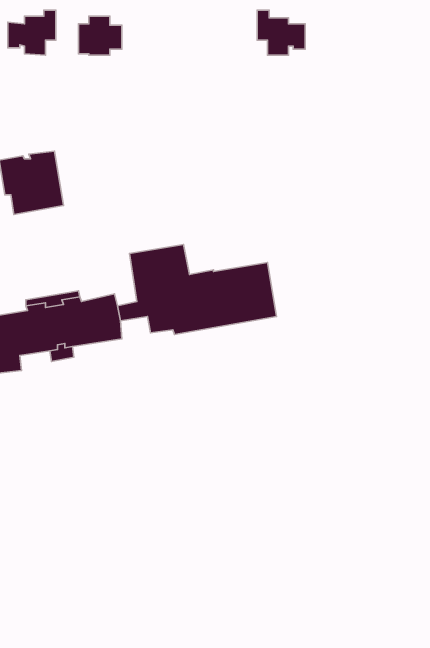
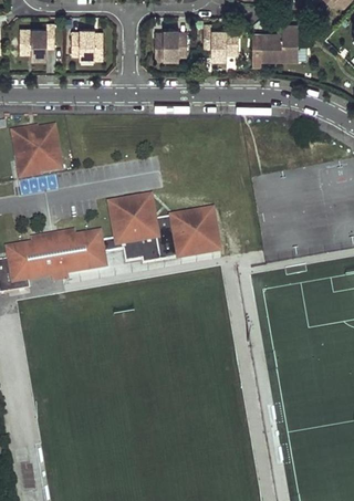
building: none -> [260,24,298,59]
building: none -> [154,28,186,56]

